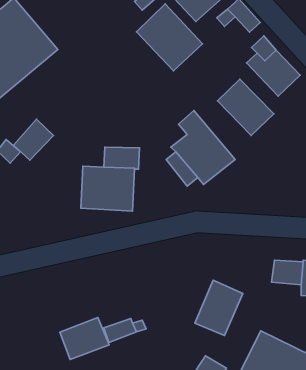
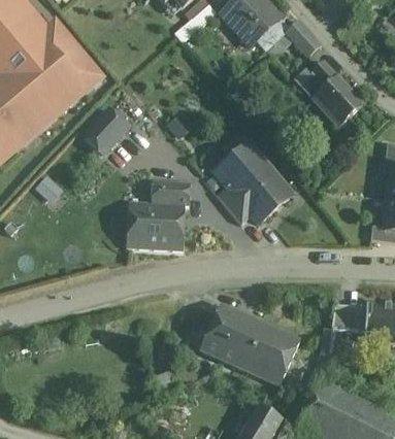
building: [137,4,202,71] -> none
building: [217,79,274,135] -> none
building: [13,119,54,160] -> [84,108,127,153]
building: none -> [200,303,268,370]
building: [60,317,109,359] -> none

